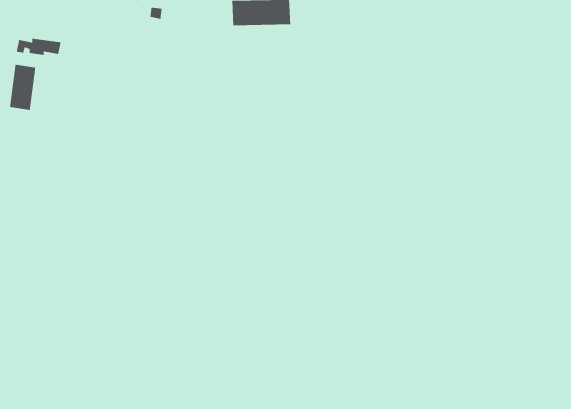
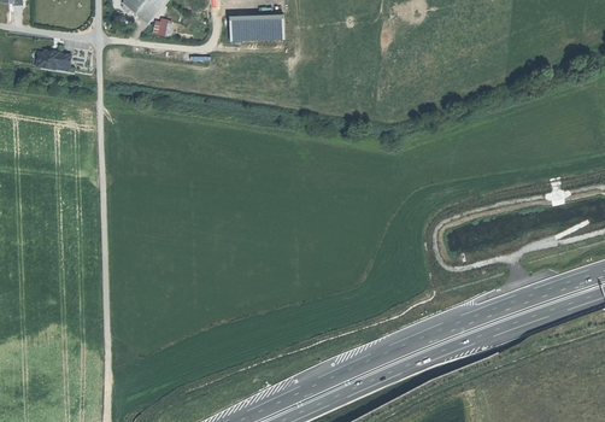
building: [9,64,36,111] -> none

